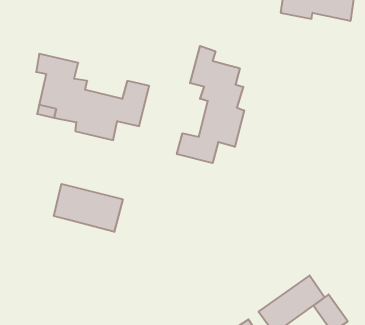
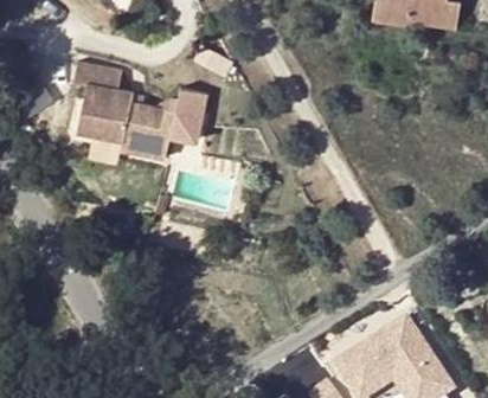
building: [177,46,244,163] -> none
building: [54,184,123,232] -> none

